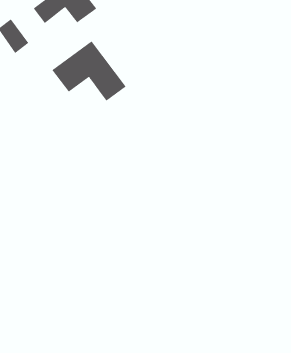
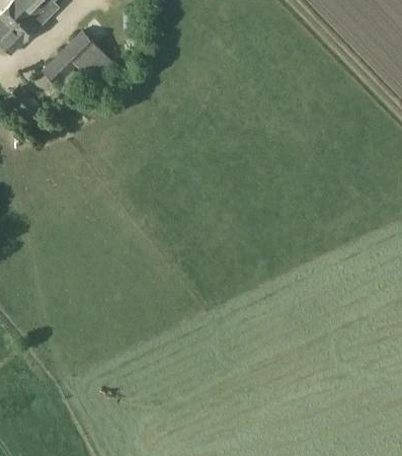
building: [51,40,126,101] -> none

